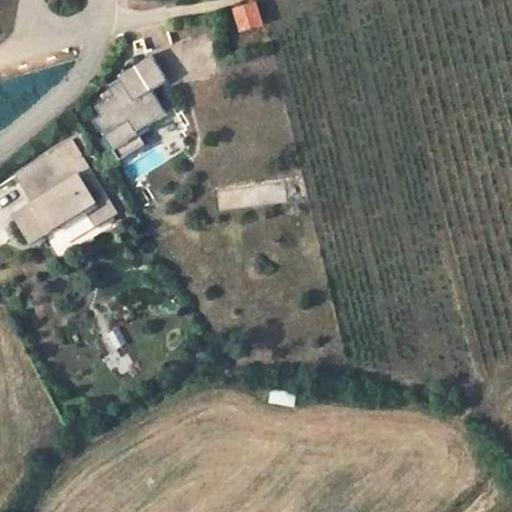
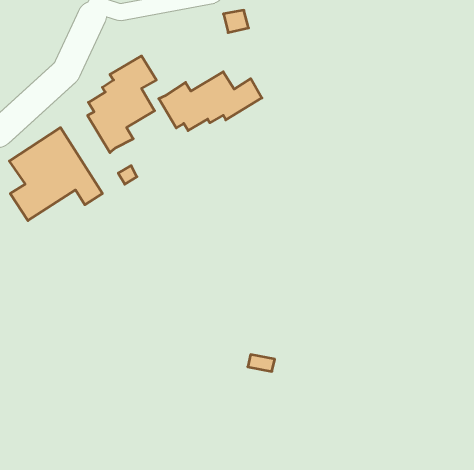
building: none -> [159,72,262,131]

